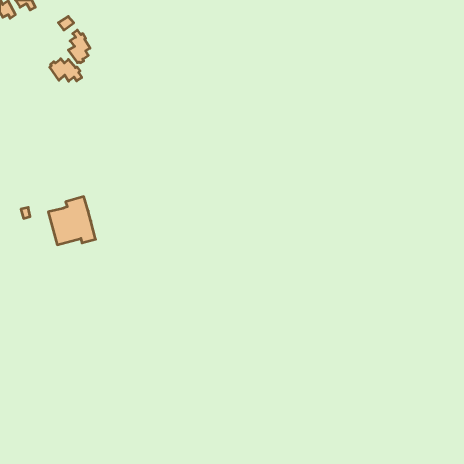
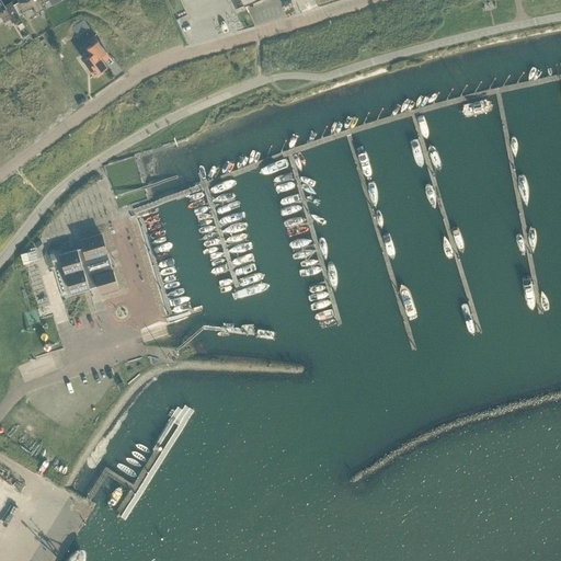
building: [50,59,82,81] -> none

